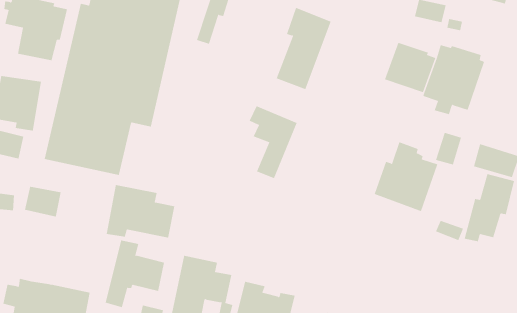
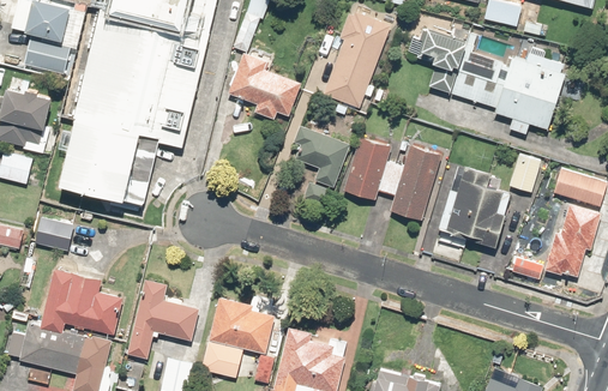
building: none -> [405,25,469,94]
building: none -> [228,54,300,119]
building: none -> [343,133,439,219]
building: [106,184,175,238] -> [41,270,121,332]

